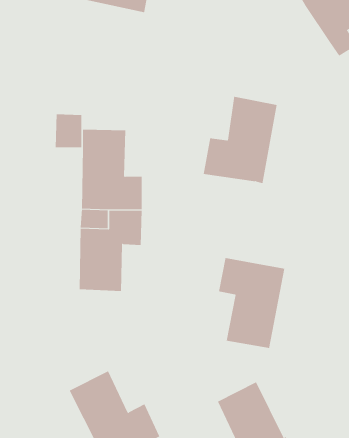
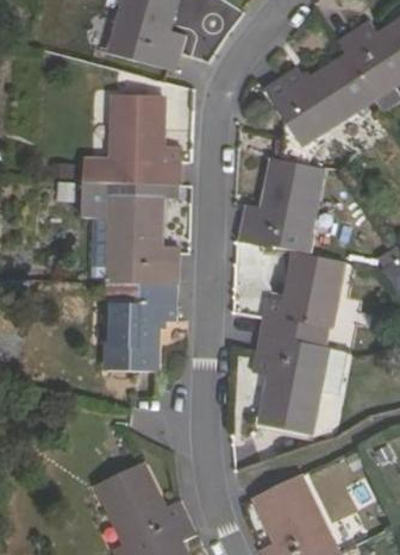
building: none -> [267,63,376,152]
building: none -> [111,93,177,183]
building: none -> [263,254,344,342]

